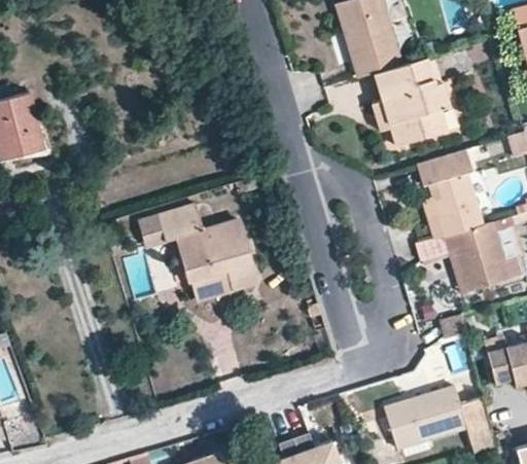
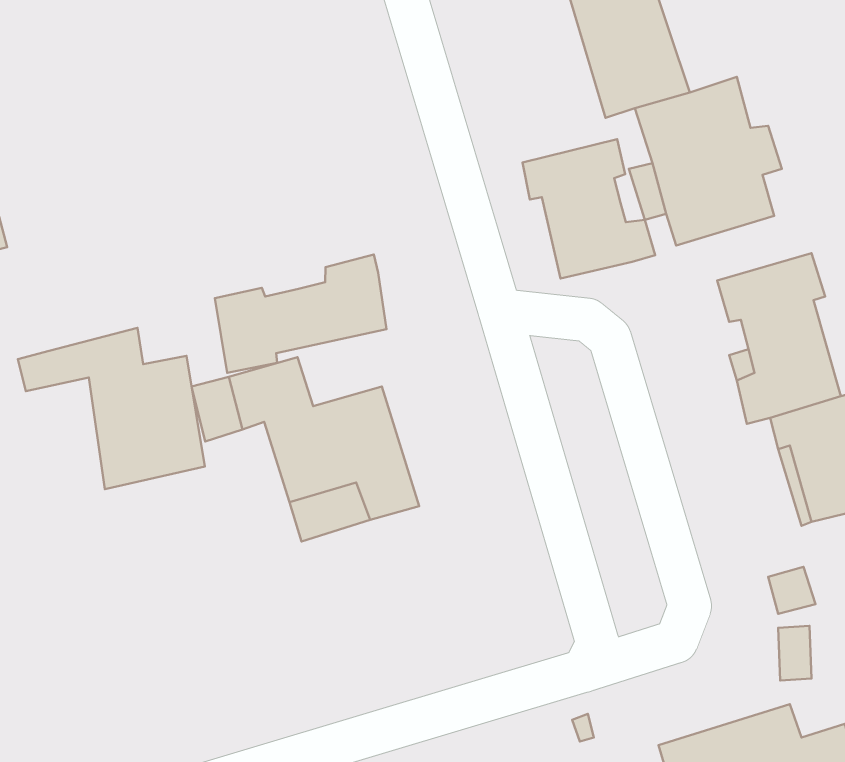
building: none -> [523,139,655,279]
building: none -> [215,255,386,373]
building: none -> [18,328,205,489]

